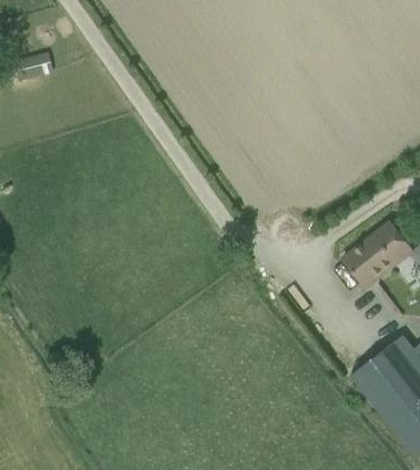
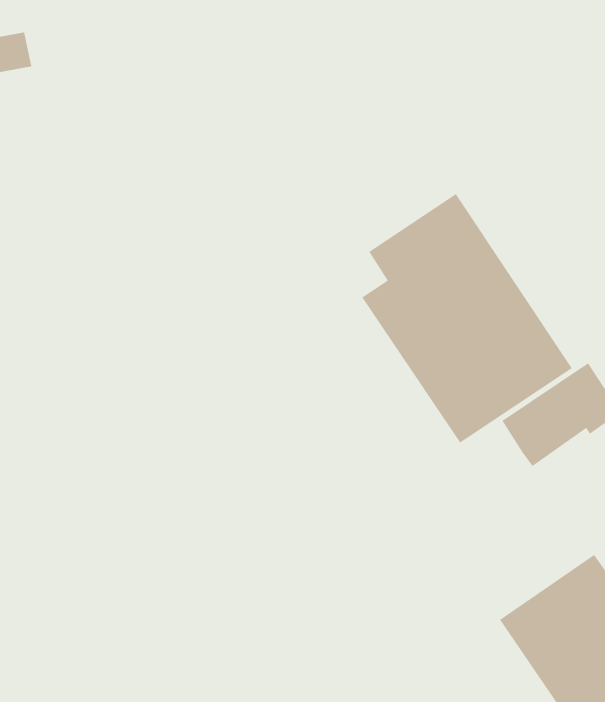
building: none -> [362,193,573,444]

